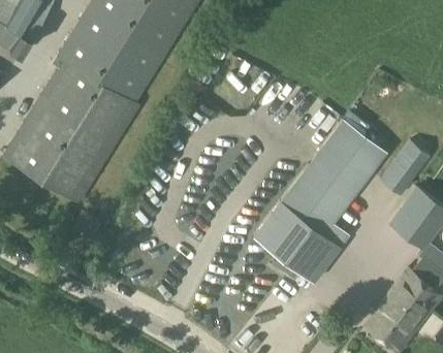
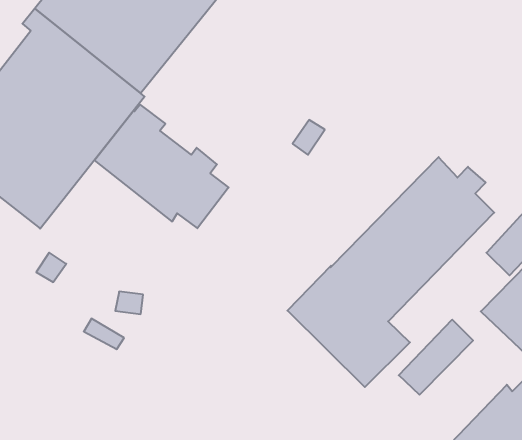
building: none -> [95,105,229,228]
building: none -> [399,320,473,395]

